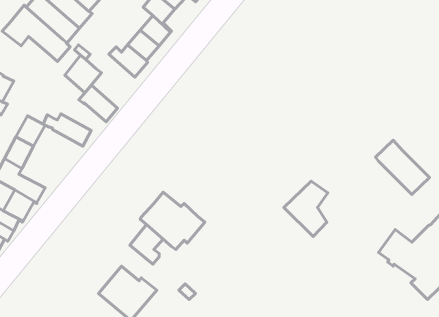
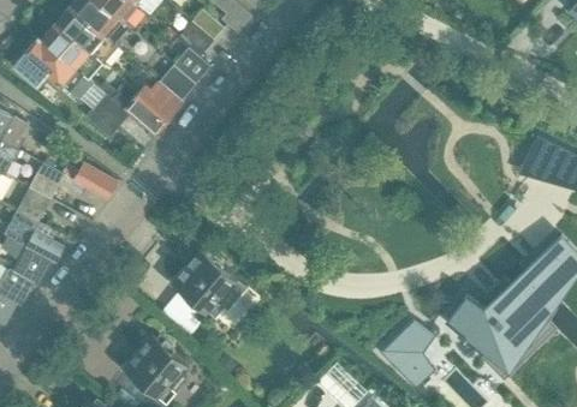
building: [79,85,118,122] -> [121,94,166,136]
building: [375,140,430,195] -> none
building: [284,181,328,237] -> [381,322,432,385]

